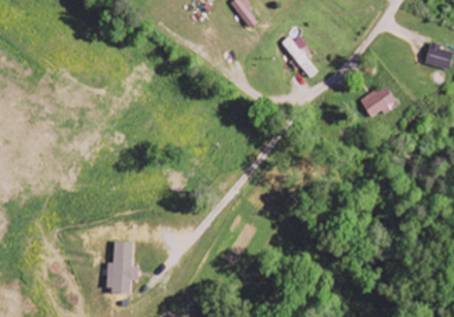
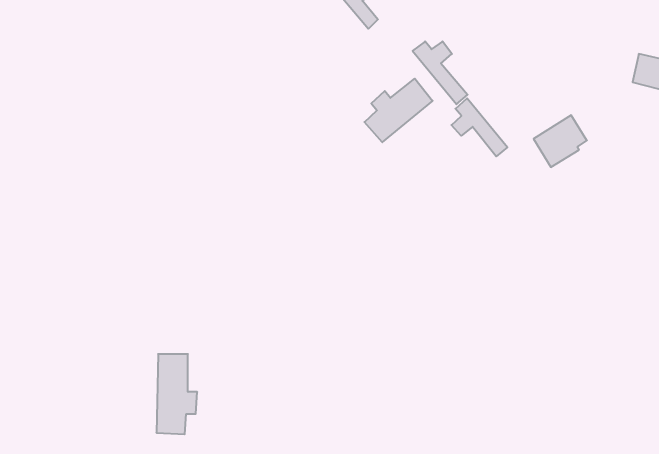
building: none -> [364,79,433,142]
building: none -> [451,98,507,156]

